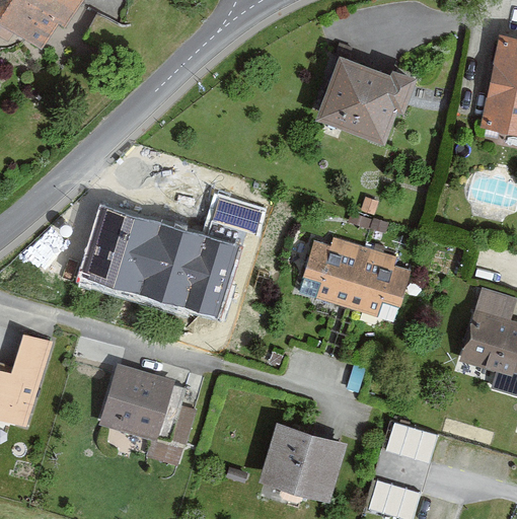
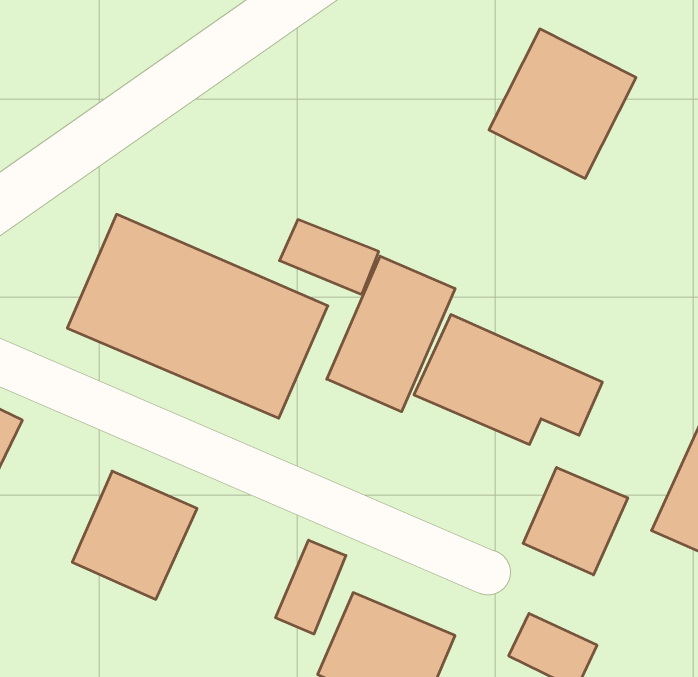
building: none -> [327,256,455,412]
building: none -> [523,467,628,575]
building: none -> [276,540,346,634]

